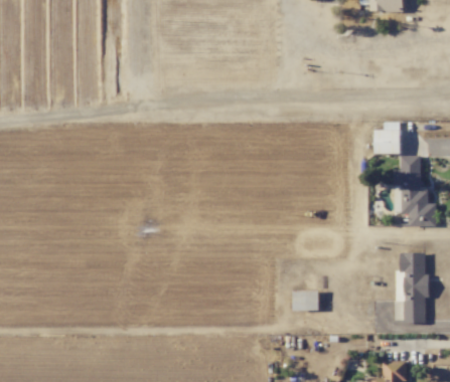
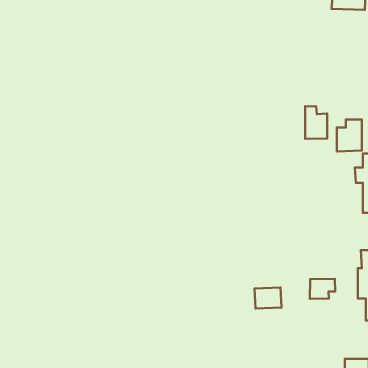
building: none -> [305,106,327,139]
building: none -> [310,279,335,299]

